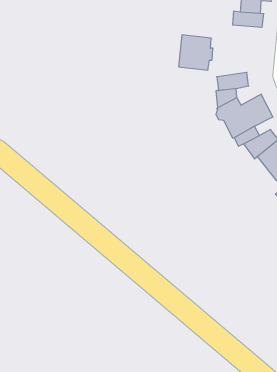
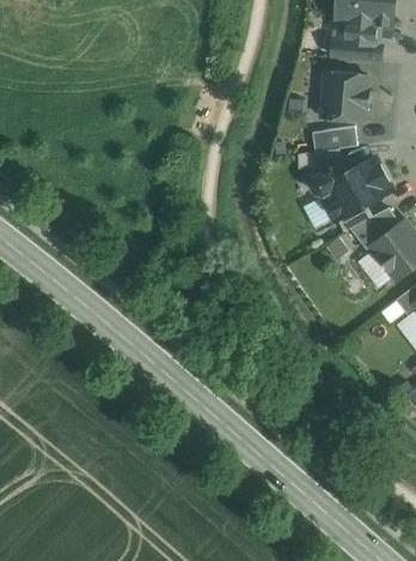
building: [179,35,213,70] -> [320,72,369,122]

